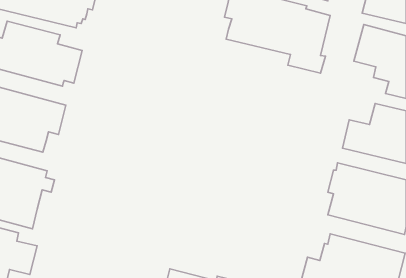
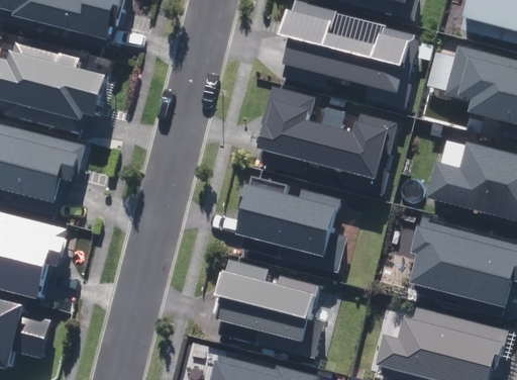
building: none -> [253,85,396,193]
building: none -> [233,170,342,265]
building: none -> [213,255,320,353]

